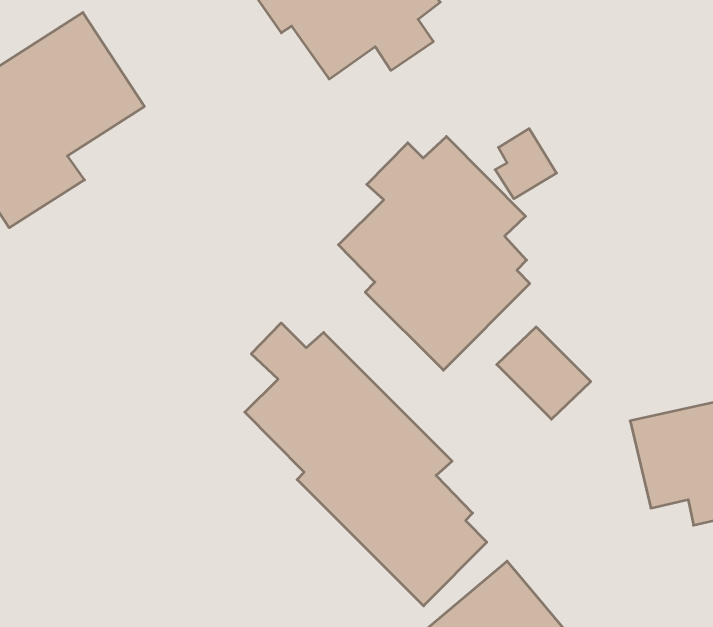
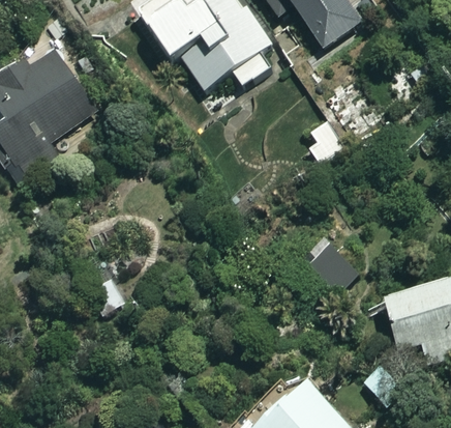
building: [338,136,530,370] -> none
building: [245,323,487,606] -> none

